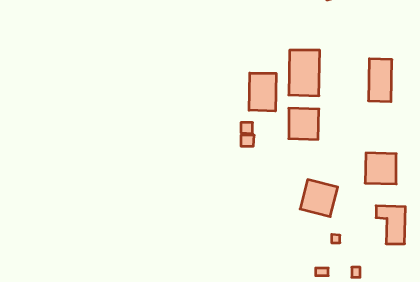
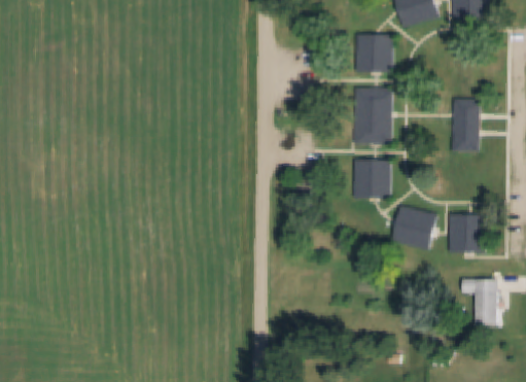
building: none -> [355,33,391,71]
building: [249,73,276,111] -> none
building: [300,180,338,217] -> [391,205,437,250]

